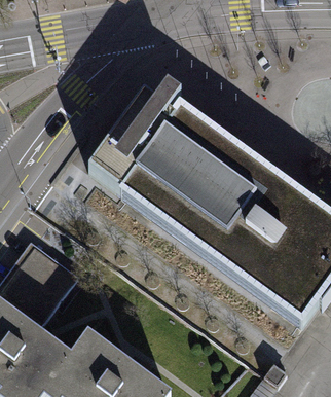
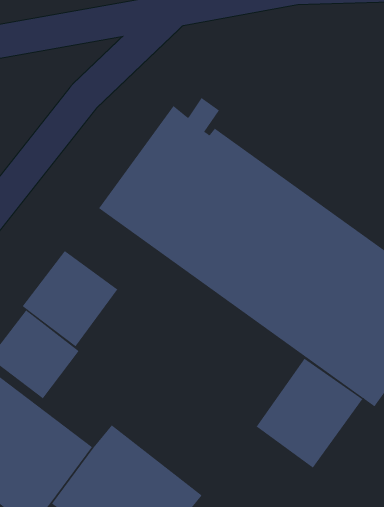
building: none -> [22,250,118,347]
building: none -> [256,358,363,468]

